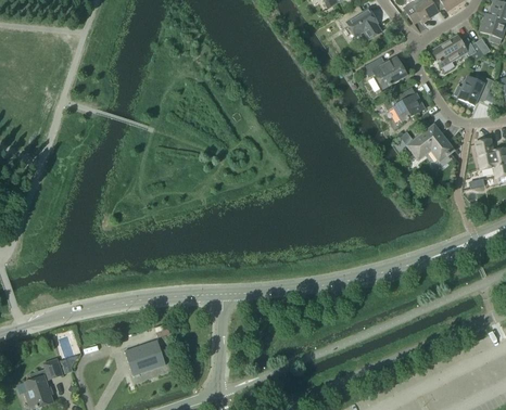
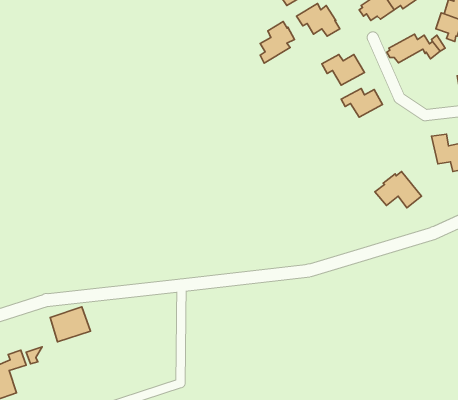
building: none -> [260,21,294,63]
building: [454,76,494,104] -> none
building: [407,124,455,161] -> [375,172,422,208]
building: [125,338,166,374] -> [50,307,90,342]

